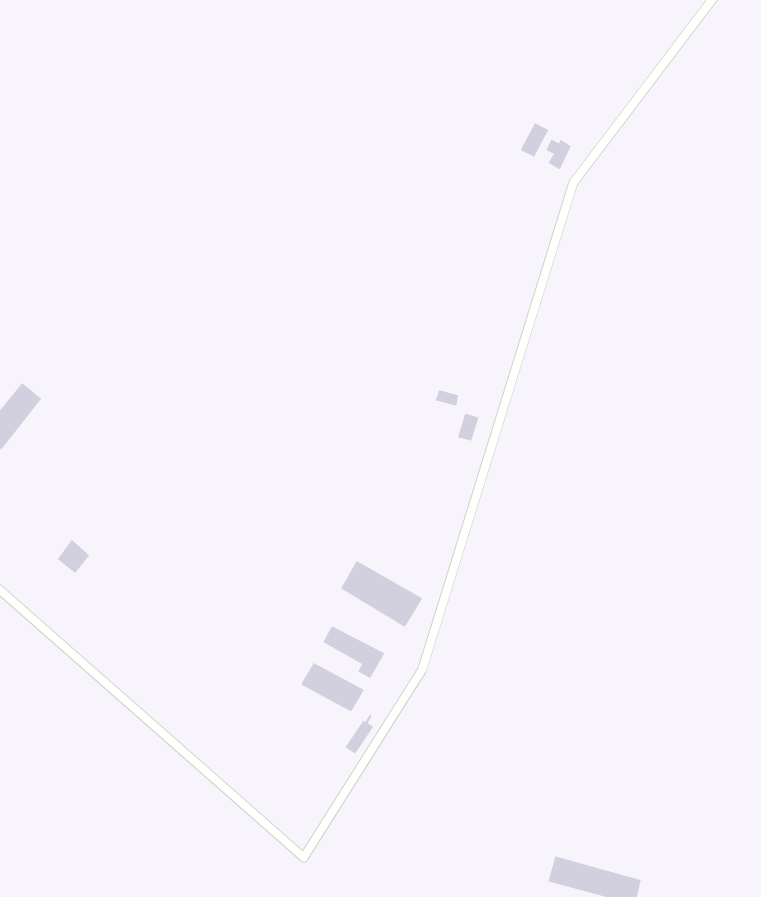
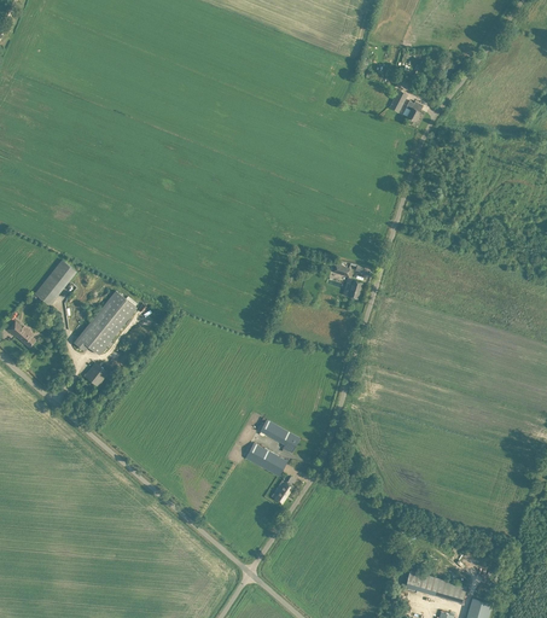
building: none -> [72,290,135,354]
building: [340,560,423,628] -> none

